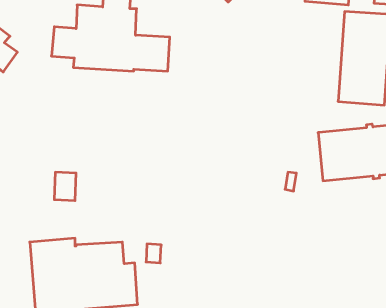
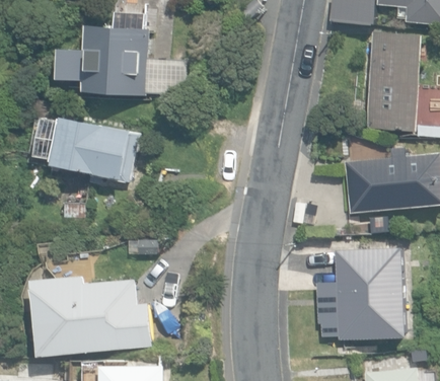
building: none -> [32,116,138,184]
building: none -> [316,247,408,339]

